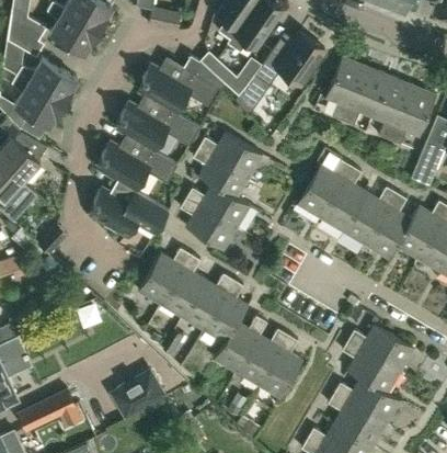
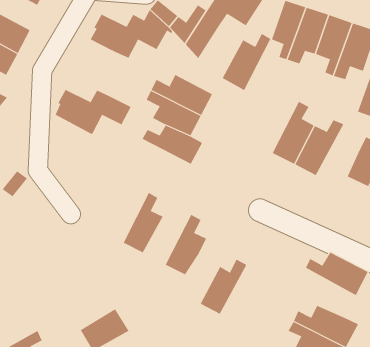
building: [116,102,200,150] -> none
building: [298,160,352,219] -> [222,33,271,91]
building: [89,186,169,236] -> none
building: [366,193,412,260] -> none
building: [180,197,237,250] -> none
building: [138,248,191,305] -> none
building: [182,273,233,330] -> none
building: [215,316,268,373] -> none
building: [259,335,303,398] -> none
building: [343,341,401,395] -> none

